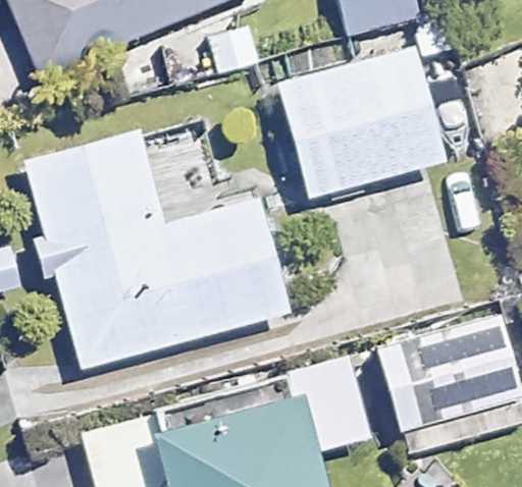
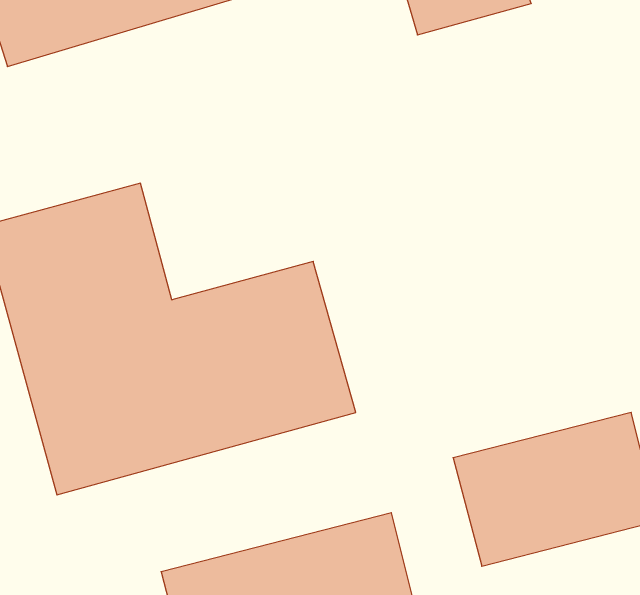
building: [282,47,448,197] -> none

